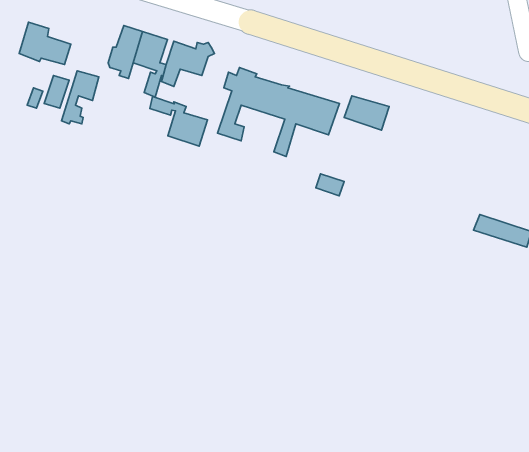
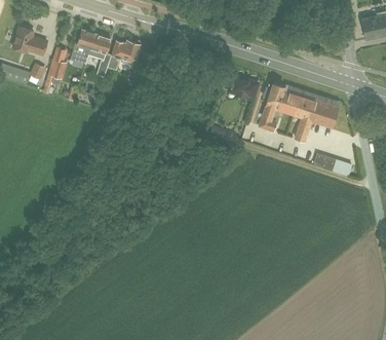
building: [218,68,339,157] -> [258,82,338,141]
building: [150,96,208,146] -> none

